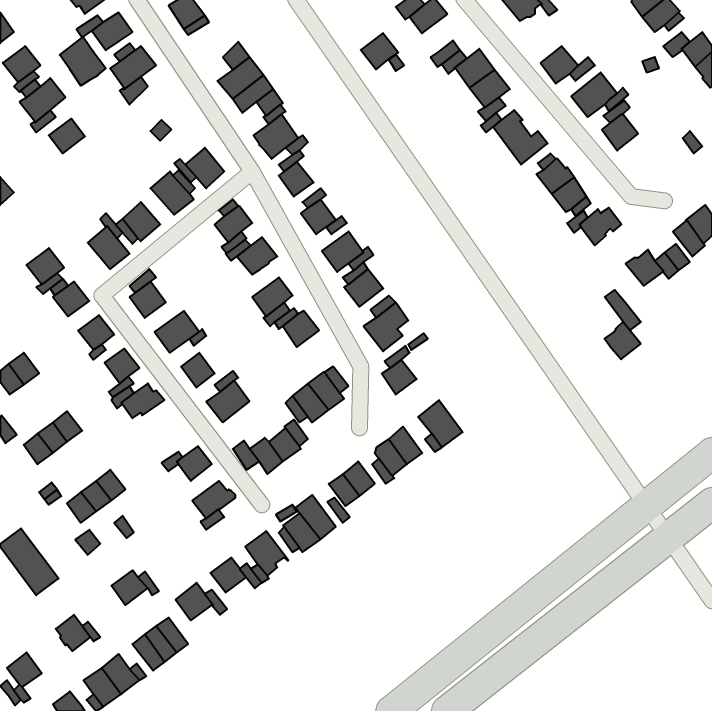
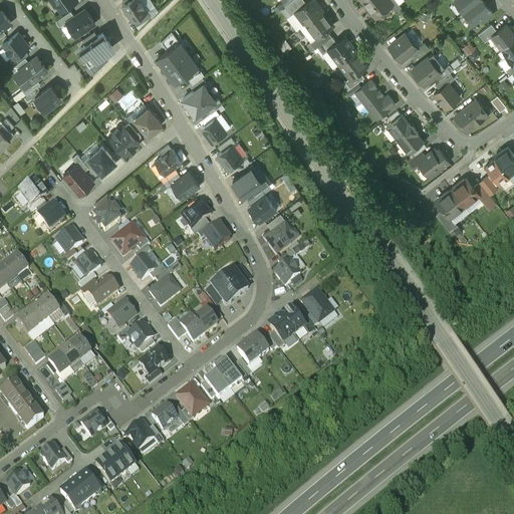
building: [361,33,398,69] -> [305,11,332,37]
building: [60,37,106,86] -> none
building: none -> [455,99,488,132]
building: [605,322,641,359] -> [438,190,464,217]
building: none -> [107,298,136,325]

